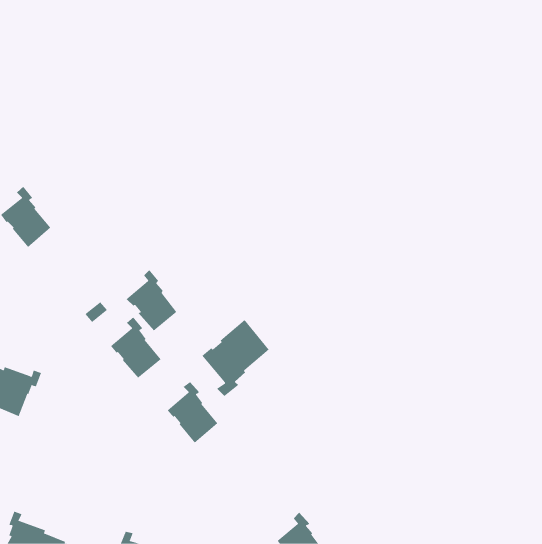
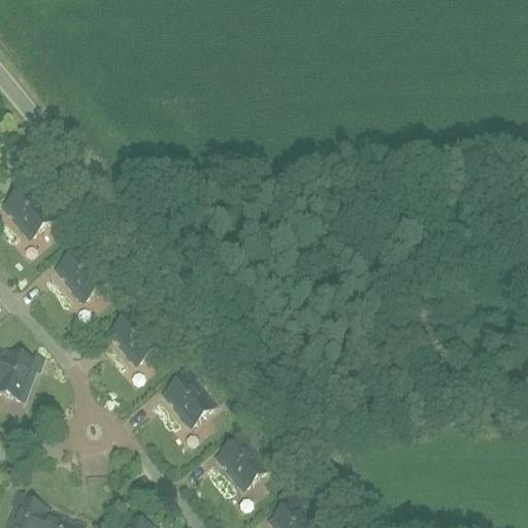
building: [126,269,177,331] -> [53,242,102,302]
building: [202,319,270,397] -> none
building: none -> [213,431,263,491]

